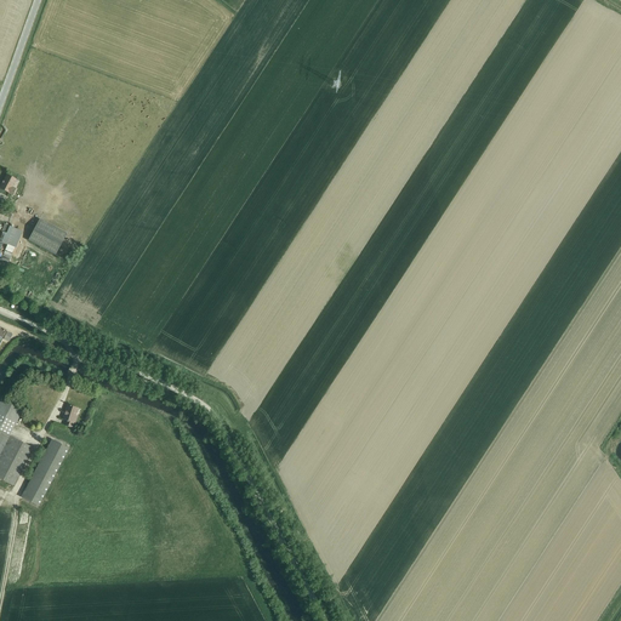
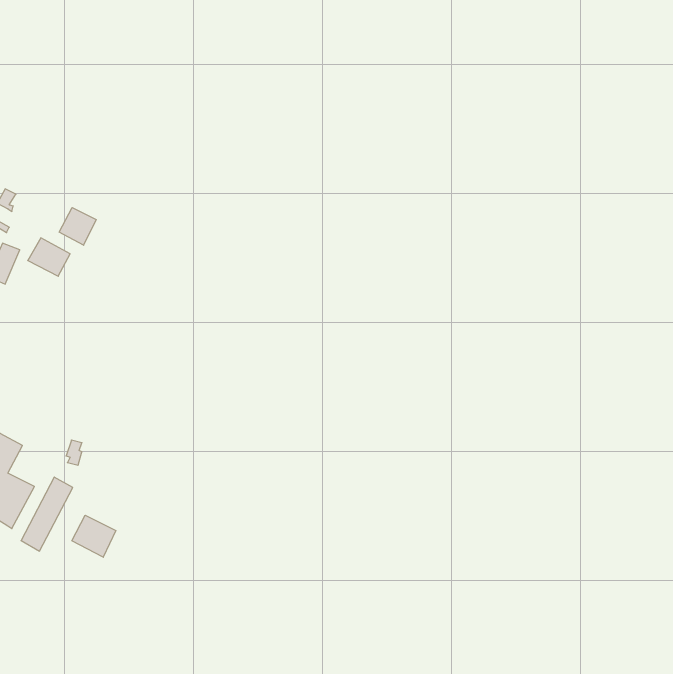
building: none -> [59,208,96,245]
building: none -> [72,515,116,557]

